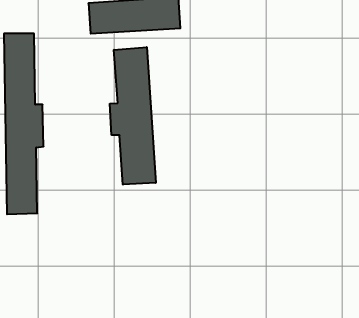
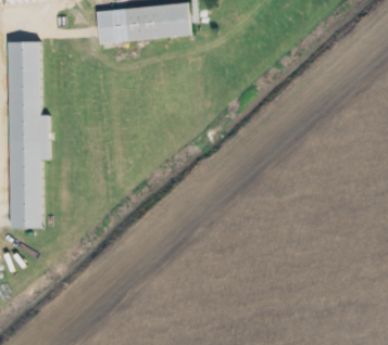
building: [110,47,156,185] -> none

